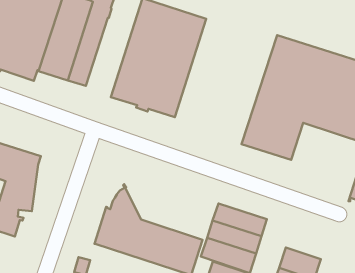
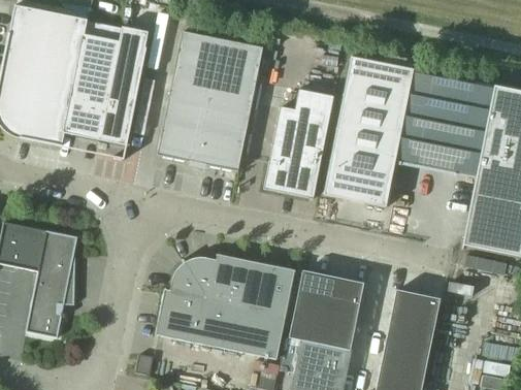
building: none -> [266,90,335,199]
building: none -> [187,255,297,316]
building: none -> [390,288,439,323]

